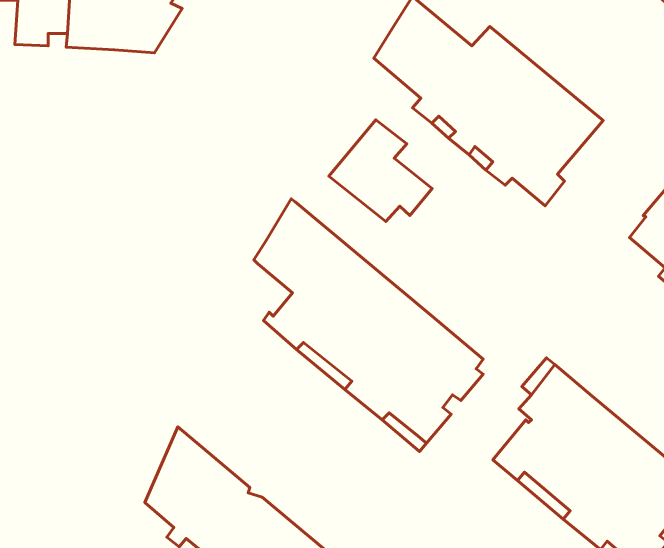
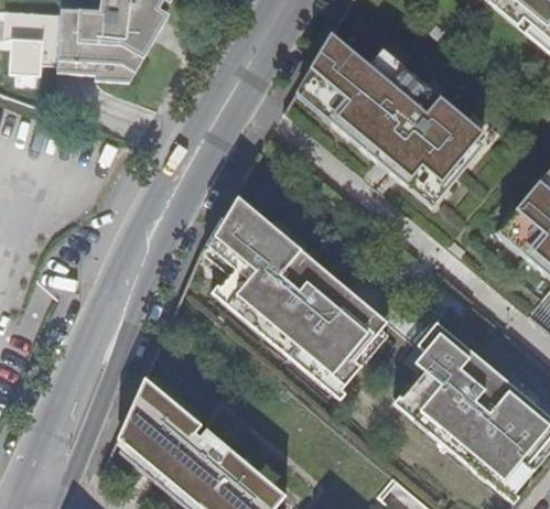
building: [329,120,432,221] -> none

